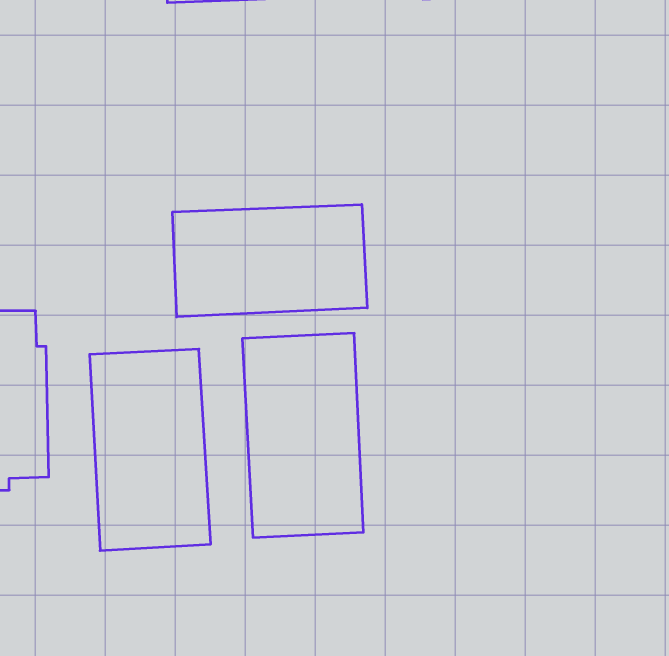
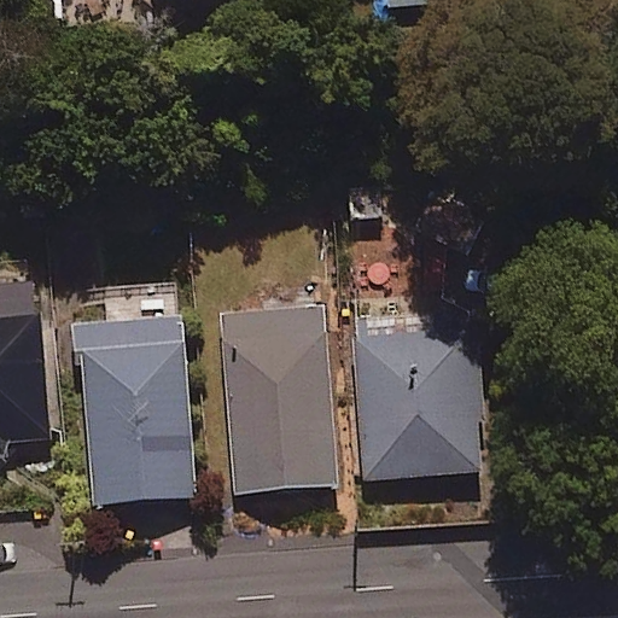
building: [173,204,367,317] -> none
building: none -> [352,303,480,474]

